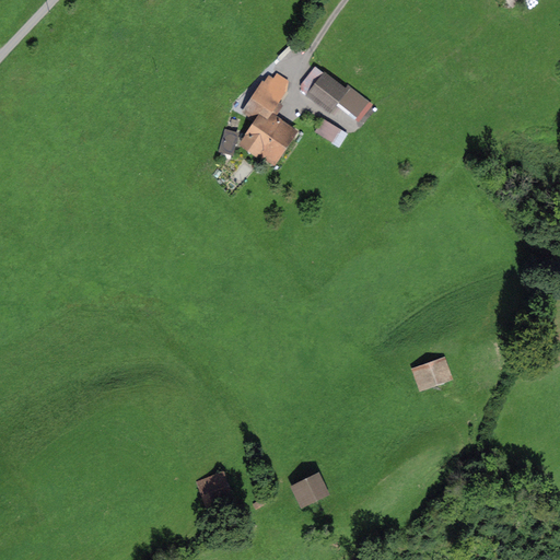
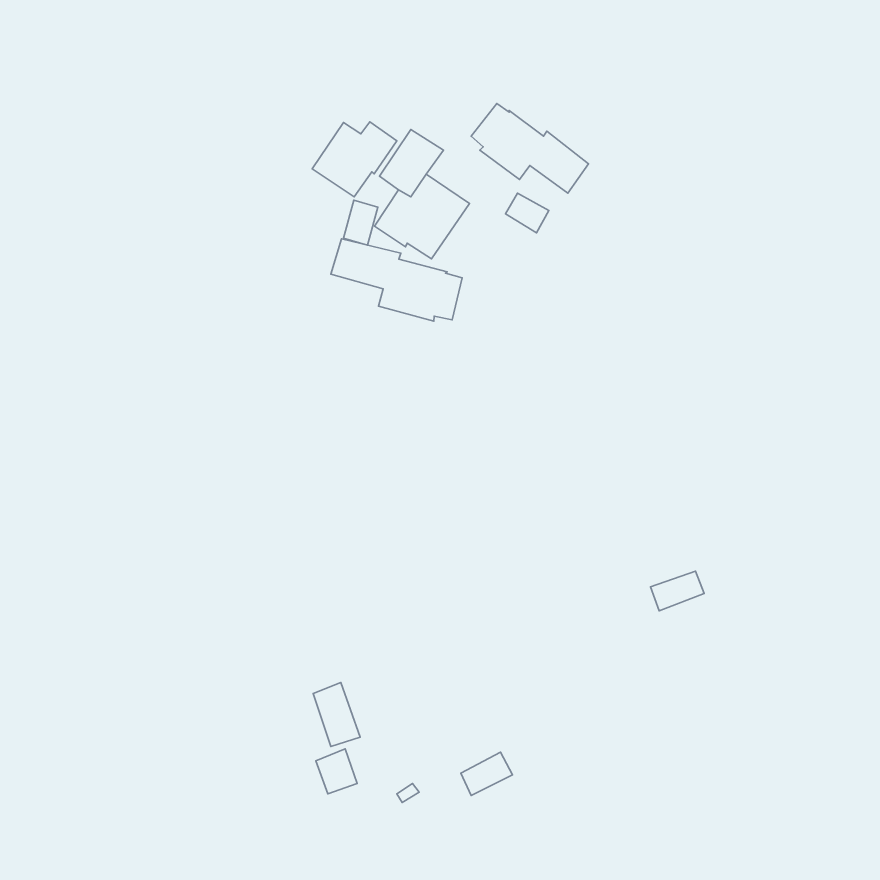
building: none -> [312,122,397,197]
building: none -> [331,239,462,321]
building: none -> [313,683,360,747]

